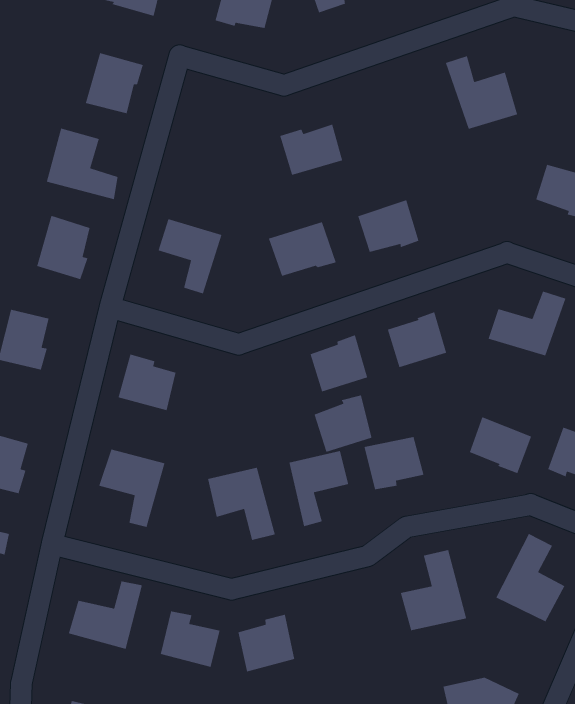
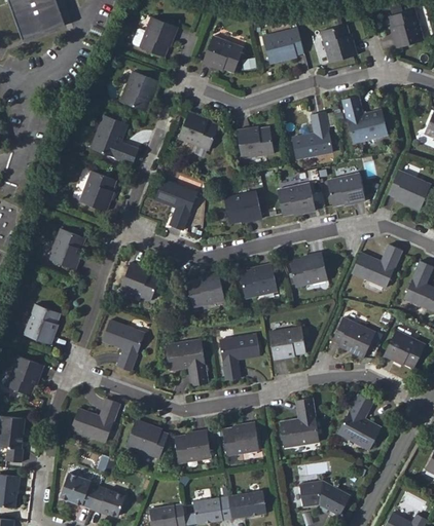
building: none -> [292,113,331,158]
building: none -> [178,110,216,148]
building: none -> [329,174,365,204]
building: [314,395,373,453] -> [187,271,222,305]
building: none -> [226,423,260,457]

